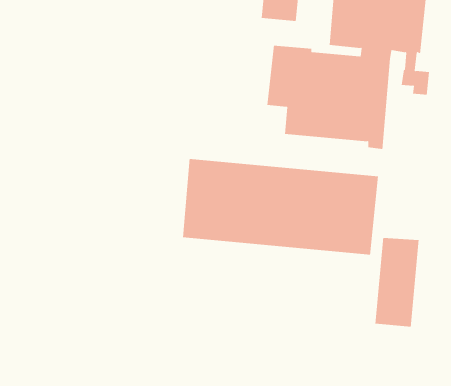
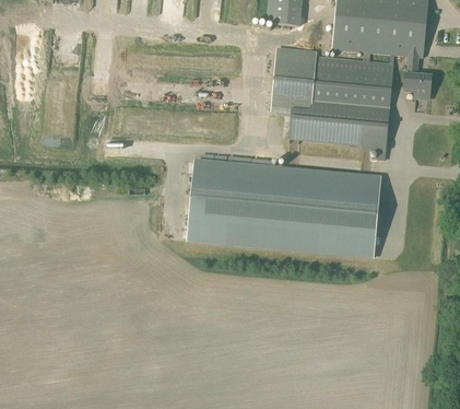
building: [375,237,419,328] -> none

